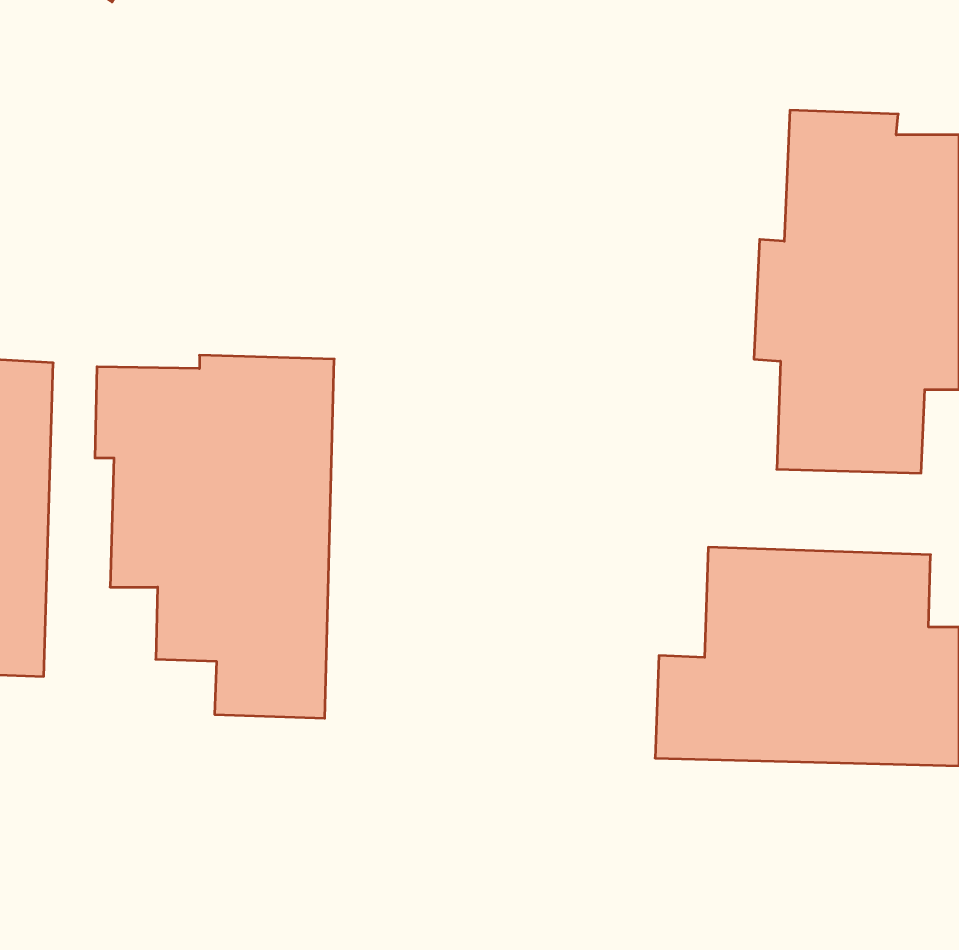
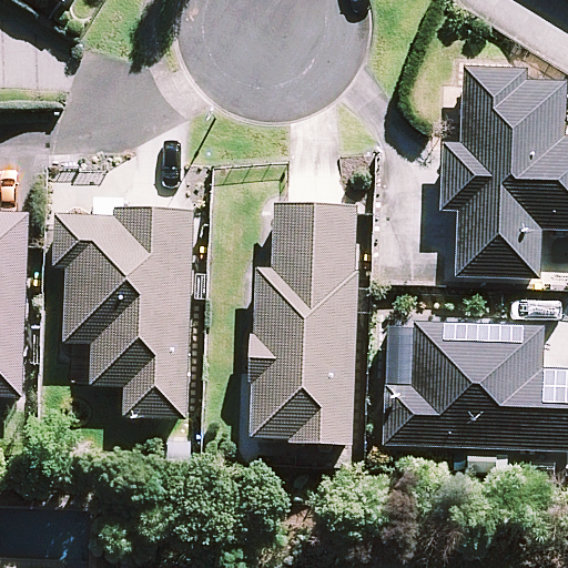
building: none -> [246,202,357,445]

